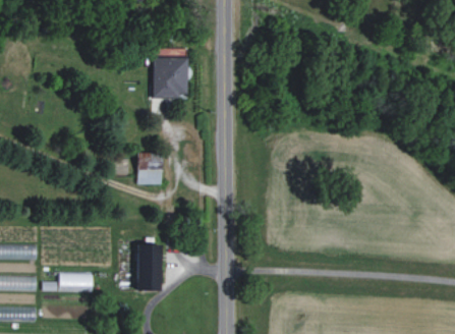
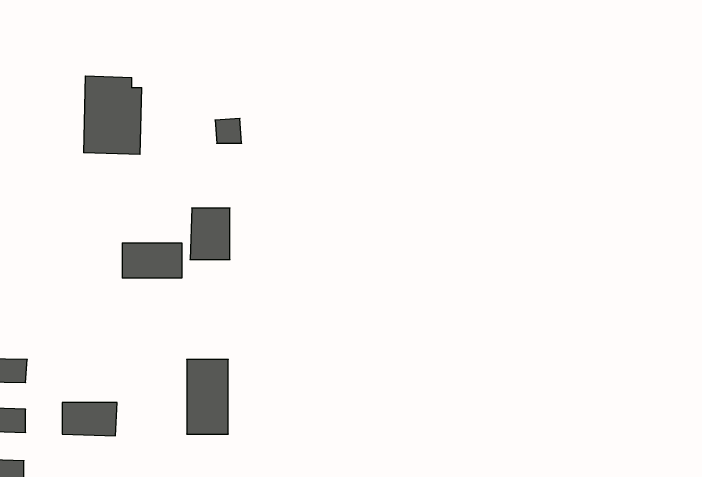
building: [153,49,188,97] -> [84,76,142,154]
building: none -> [122,243,182,278]

